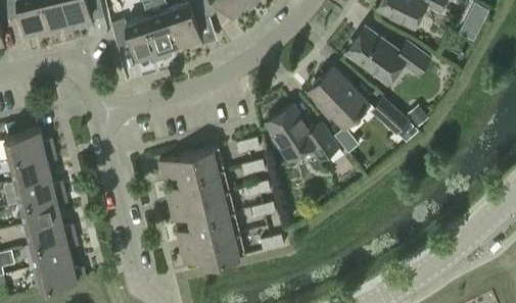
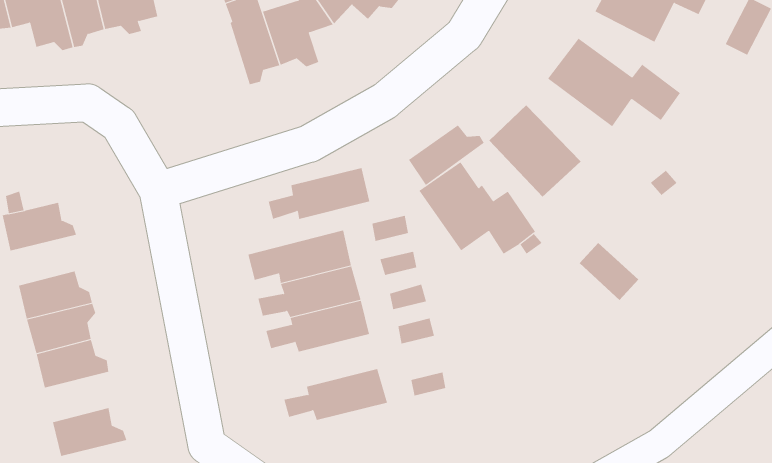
building: [111,16,159,57] -> none
building: none -> [408,125,485,186]
building: [370,97,408,134] -> [579,242,639,301]
building: [9,149,52,181] -> none
building: [176,211,240,244] -> [268,167,370,220]
building: [31,235,74,266] -> none

